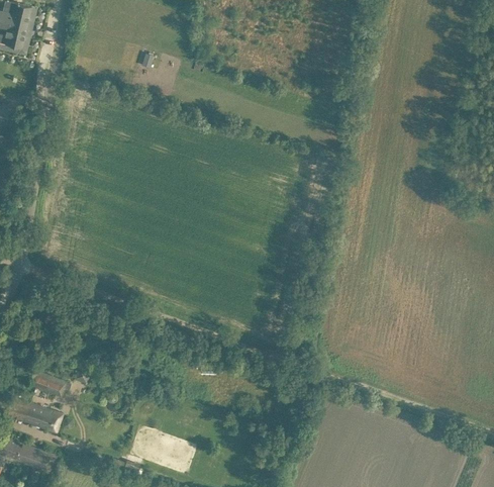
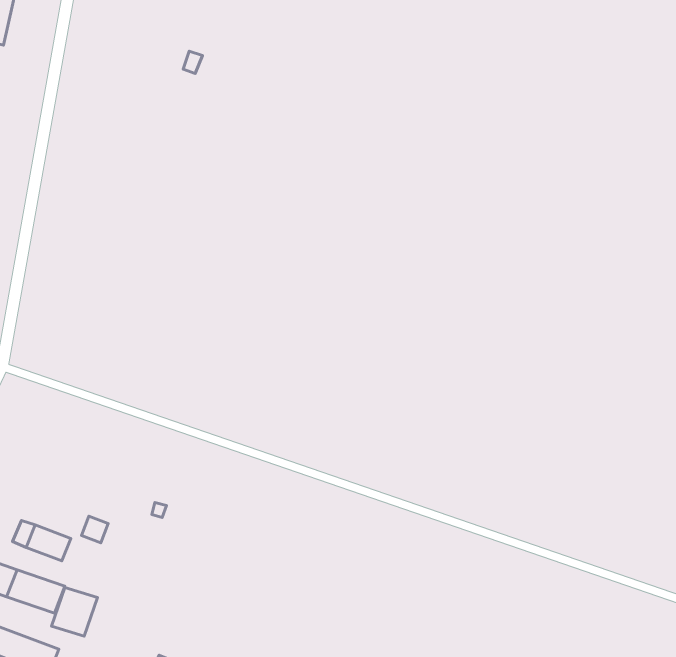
building: none -> [52,587,98,636]

